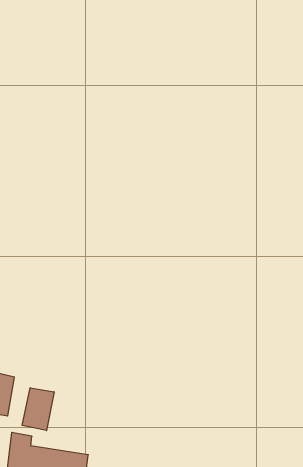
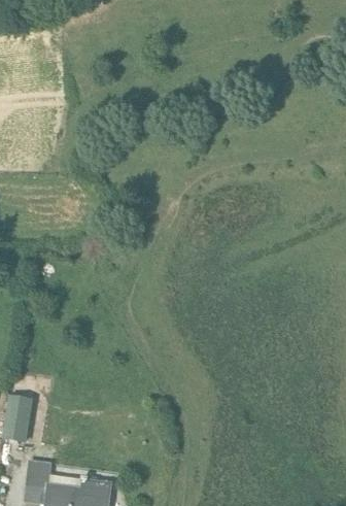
building: [22,388,54,431] -> none

